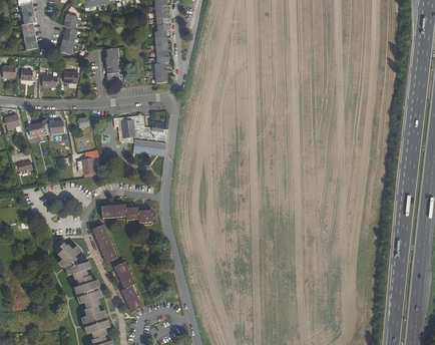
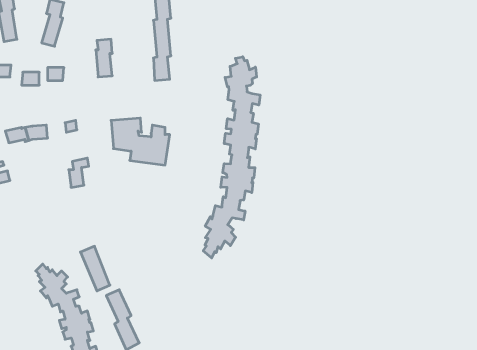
building: none -> [203,57,260,258]
building: [100,204,151,222] -> none

